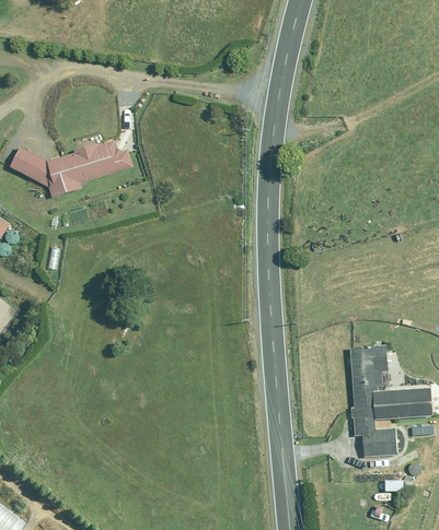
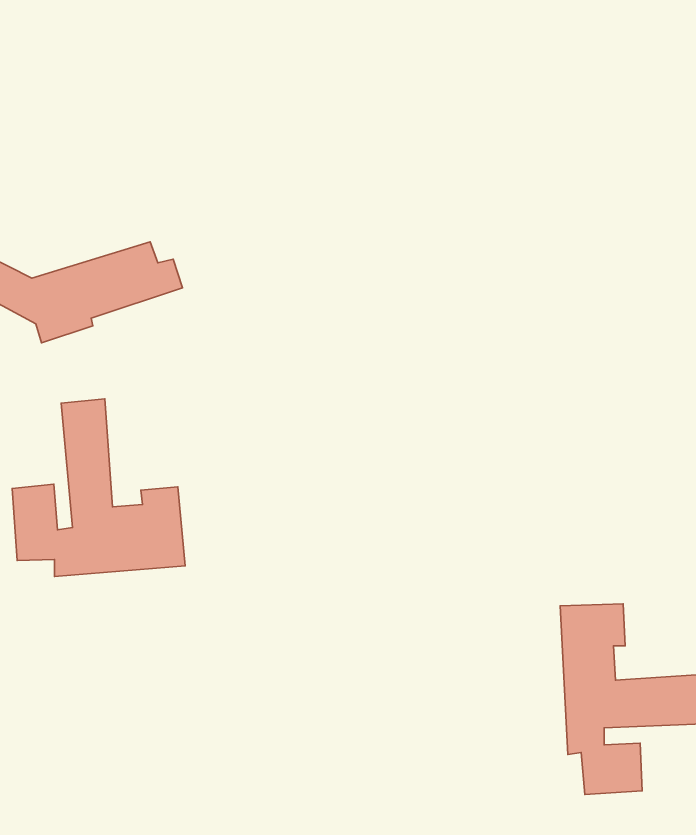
building: none -> [12,399,185,576]

